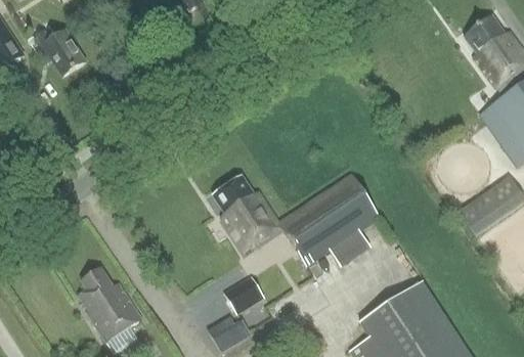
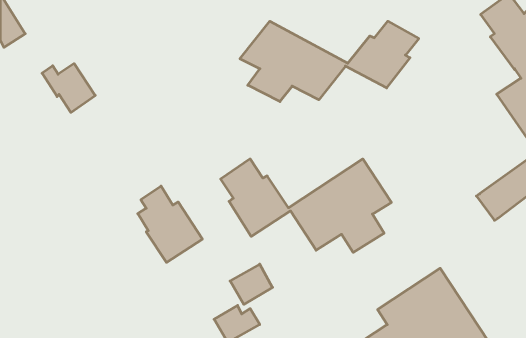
building: [35,31,86,78] -> [42,64,95,112]
building: none -> [240,21,419,102]
building: [79,268,141,342] -> [138,186,202,262]

